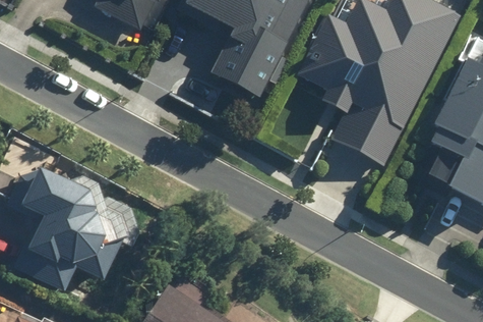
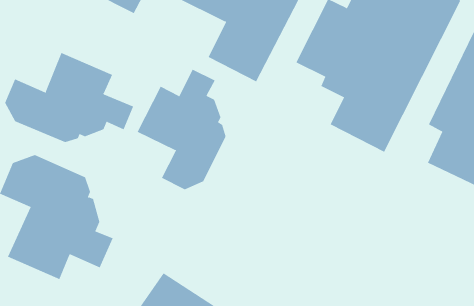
building: none -> [4,52,134,143]
building: none -> [137,69,226,190]

